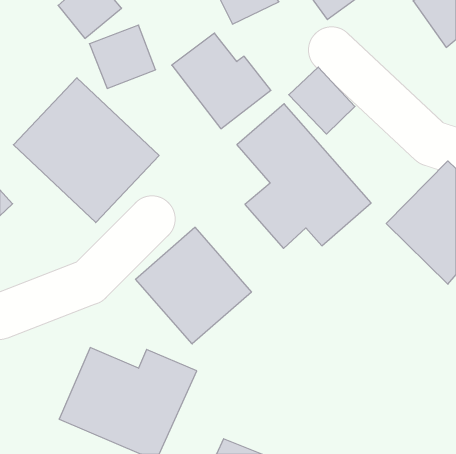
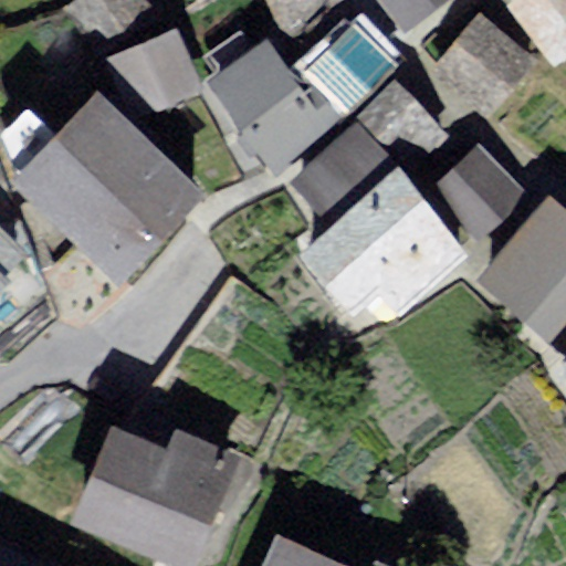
building: none -> [439,14,530,104]
building: none -> [302,19,396,112]
building: none -> [432,144,520,231]
building: [136,227,251,344] -> none

